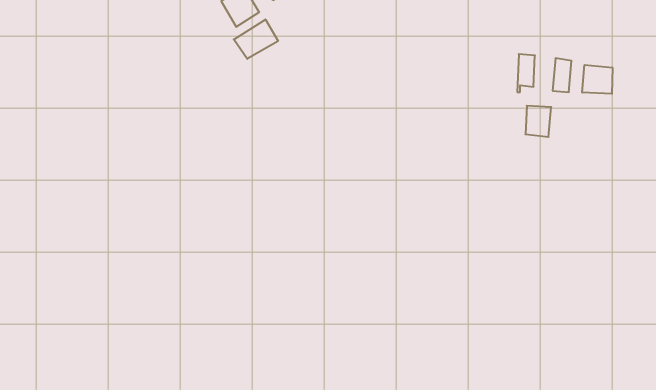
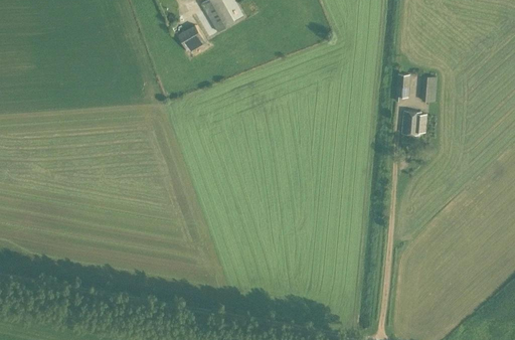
building: [234,19,278,59] -> none
building: [582,65,613,94] -> none

